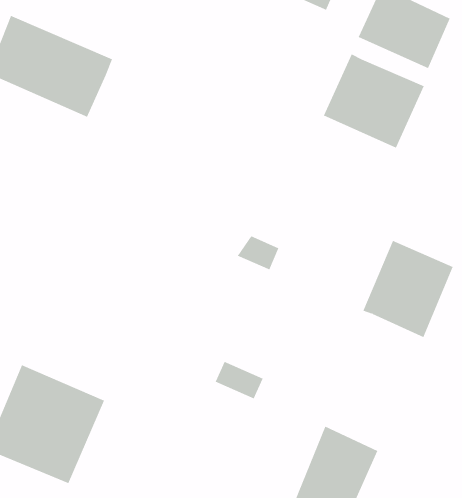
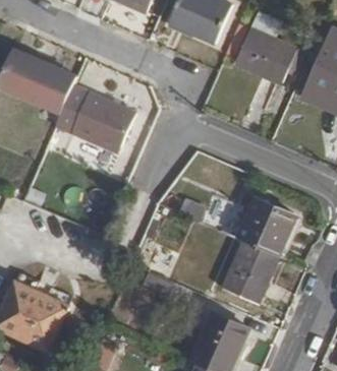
building: [323,53,425,148] -> none
building: none -> [55,85,134,150]
building: none -> [224,240,278,302]

